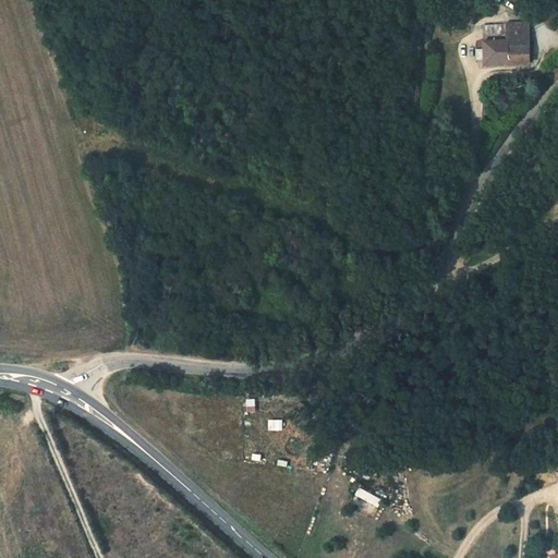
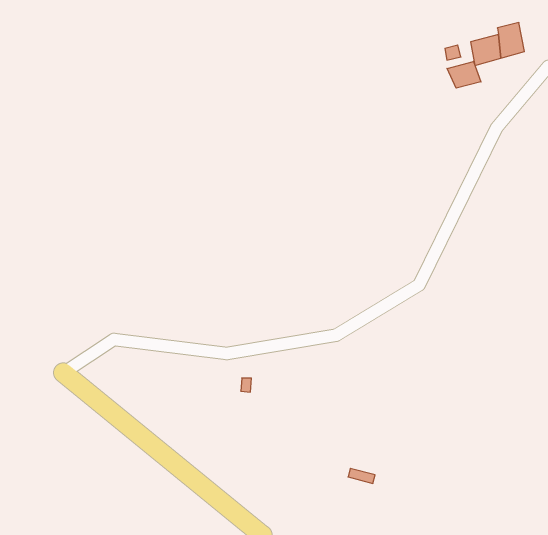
building: none -> [447,61,481,88]

